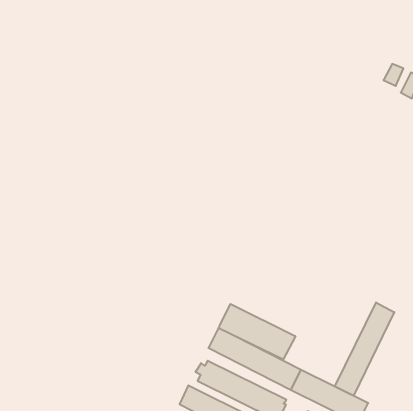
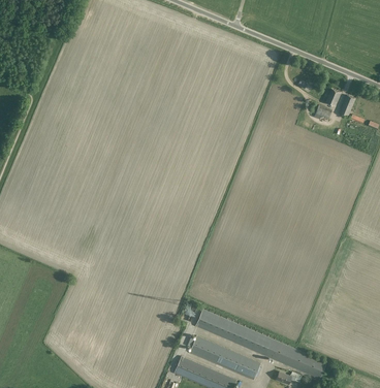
building: [335,302,394,395] -> none
building: [219,304,295,359] -> none

